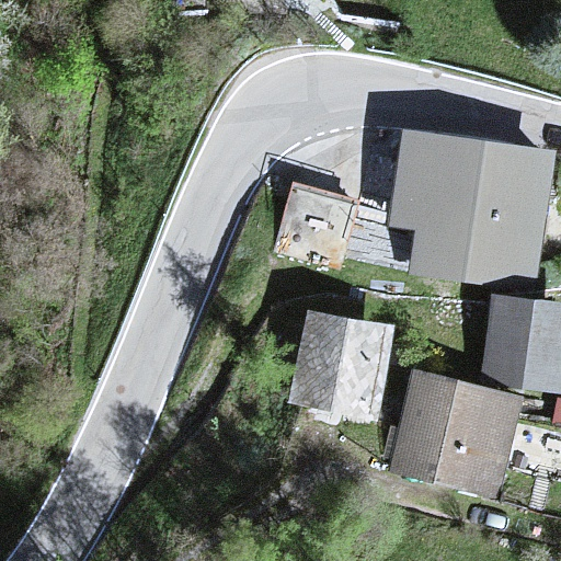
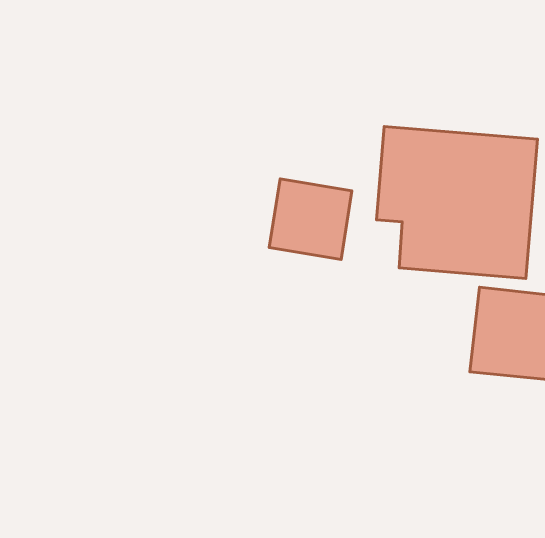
building: [287,313,390,422] -> none
building: [392,374,524,499] -> none

